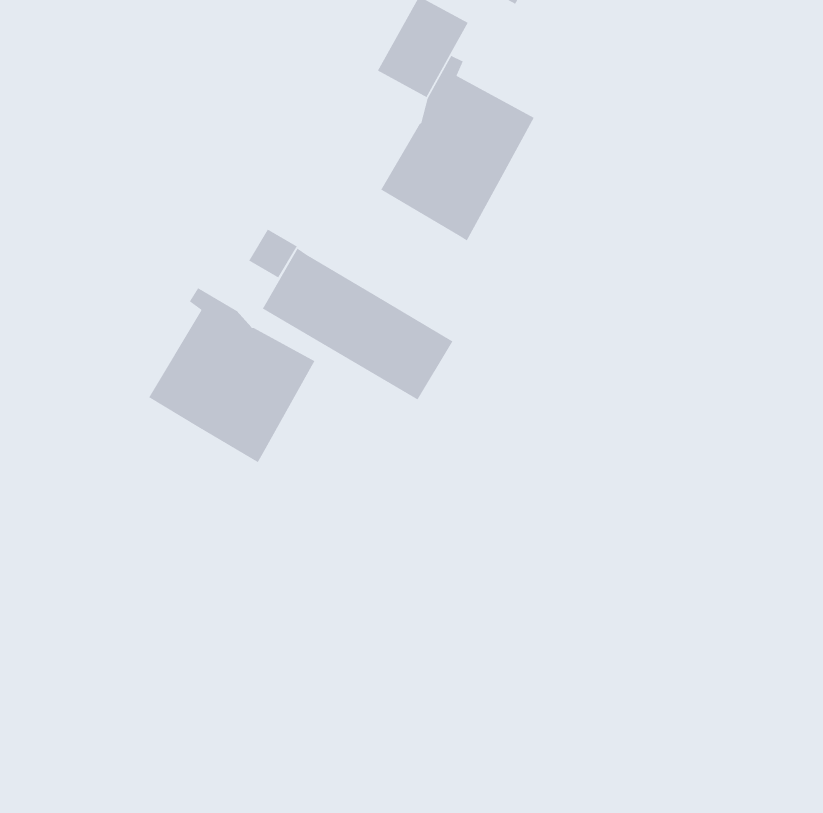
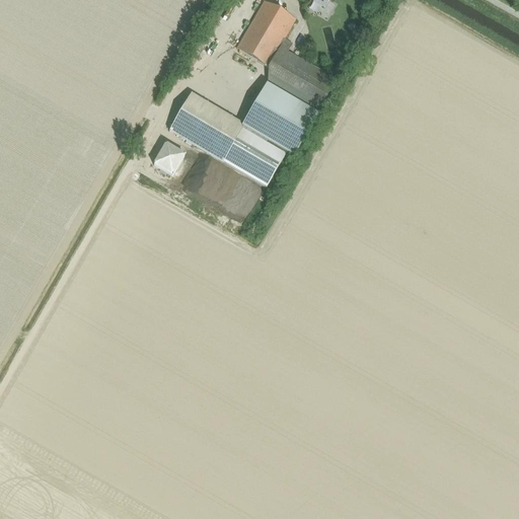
building: [262,248,453,401] -> [168,90,289,187]
building: [148,287,315,463] -> none

